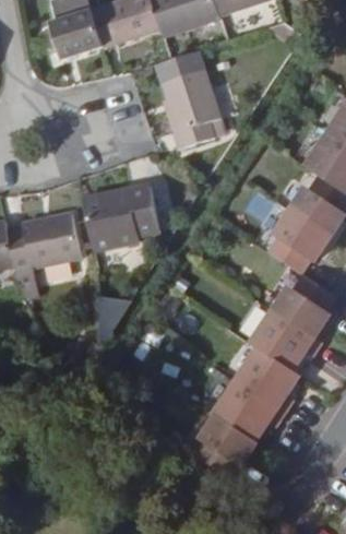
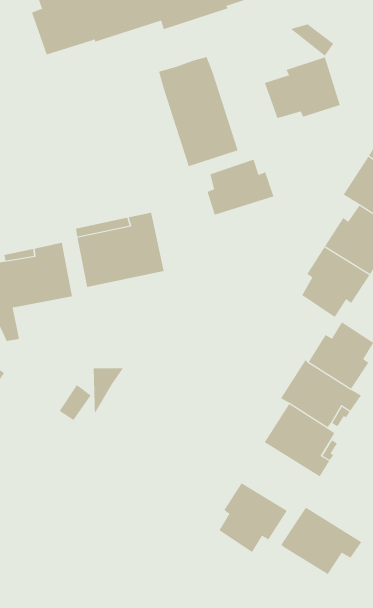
building: none -> [264,56,340,119]
building: none -> [207,159,274,216]
building: [223,385,294,444] -> [280,507,362,575]

